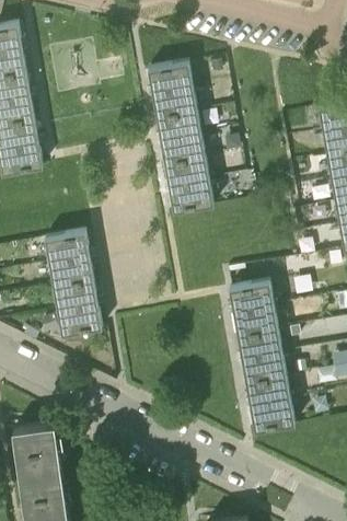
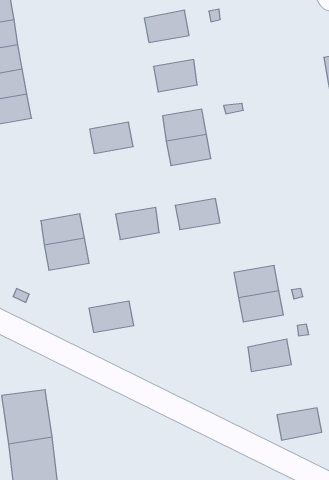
building: [152,83,195,113] -> none
building: [161,130,203,160] -> [90,122,133,153]
building: [45,229,86,259] -> [115,207,159,240]
building: [229,279,271,309] -> [175,199,220,230]
building: [57,300,100,329] -> [89,301,134,332]
building: [242,349,284,380] -> none
building: [250,396,292,427] -> [277,408,322,440]

